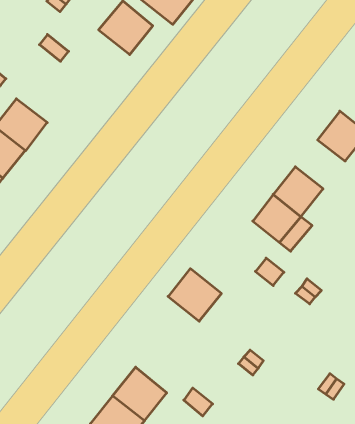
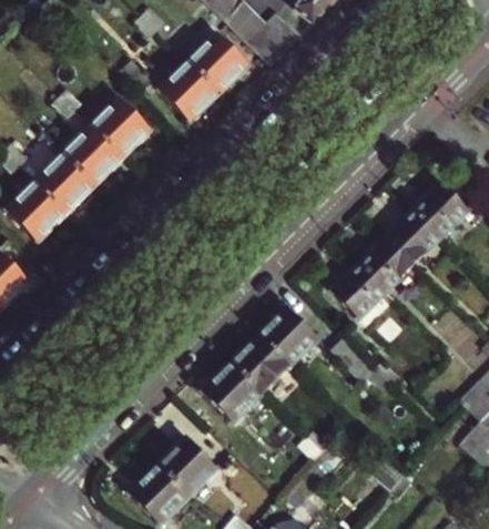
building: none -> [160,61,218,120]
building: none -> [89,96,150,156]
building: none -> [386,208,441,263]
building: none -> [258,305,318,365]
building: none -> [203,362,262,420]

